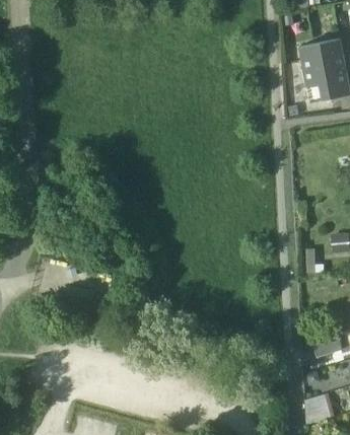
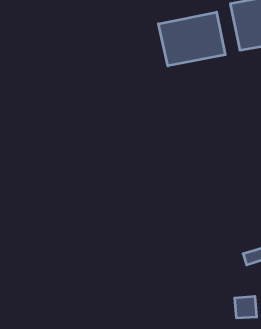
building: none -> [158,12,225,66]

